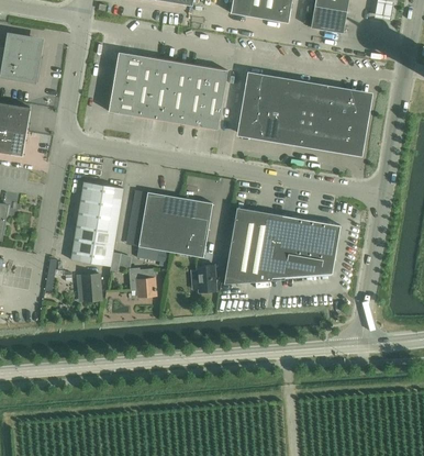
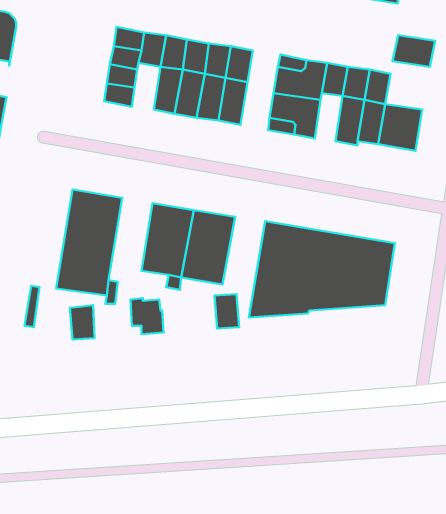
building: [131,80,154,118] -> none
building: [333,92,367,118] -> [393,35,435,67]
building: [277,104,299,143] -> none

